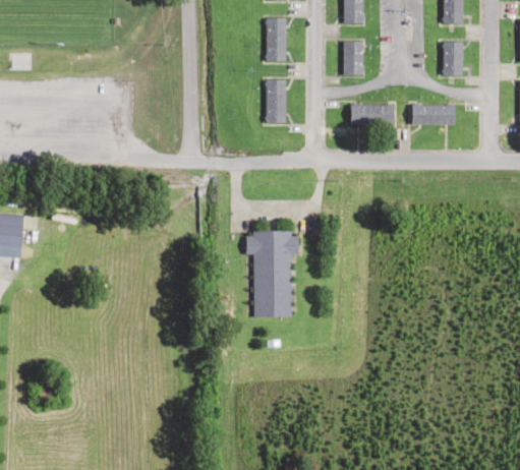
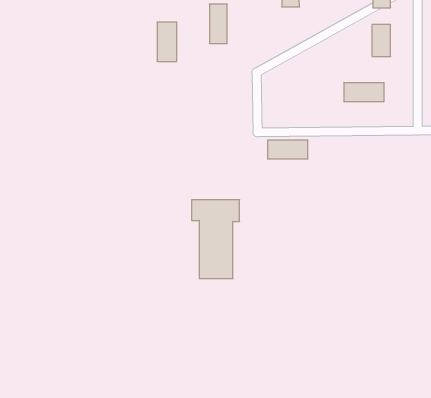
building: [343,41,362,74] -> none
building: [264,79,285,122] -> [157,22,177,61]
building: [350,104,394,124] -> [268,140,308,159]

